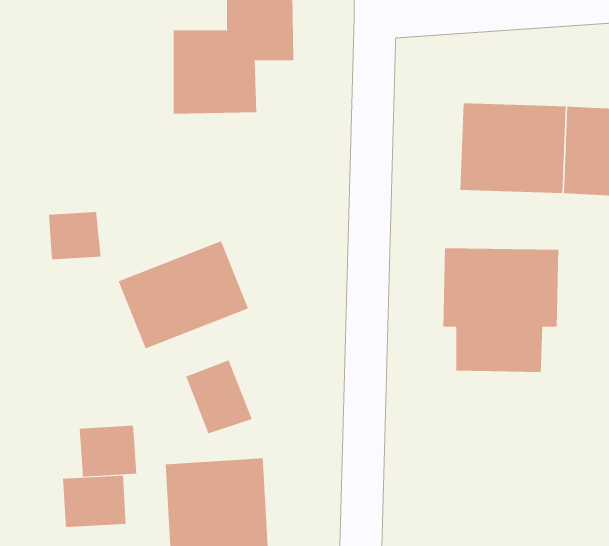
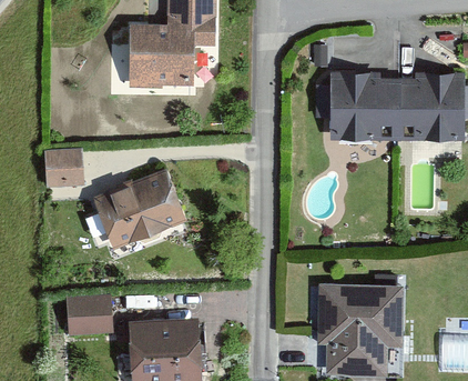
building: [443,248,559,373] -> [317,287,397,372]
building: [185,359,252,434] -> none
building: [62,475,126,528] -> none

